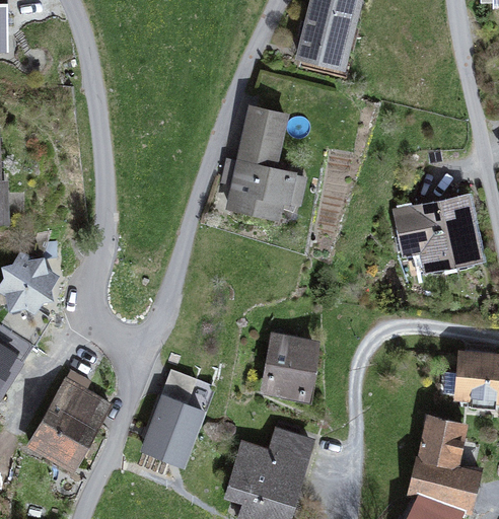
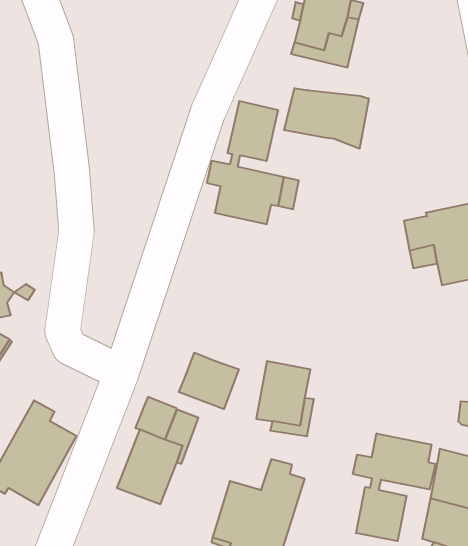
building: none -> [284,88,369,149]
building: none -> [179,353,239,409]
building: none -> [353,433,435,541]

